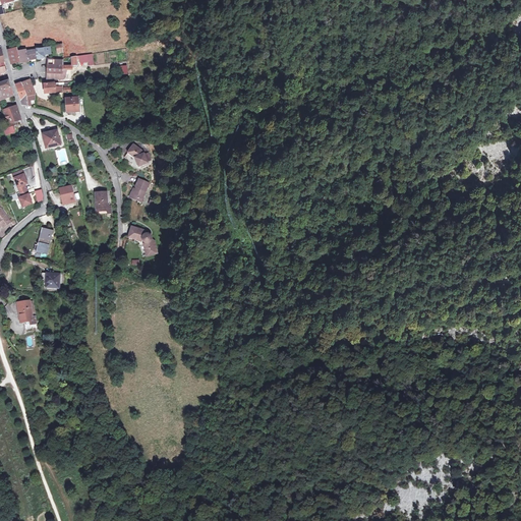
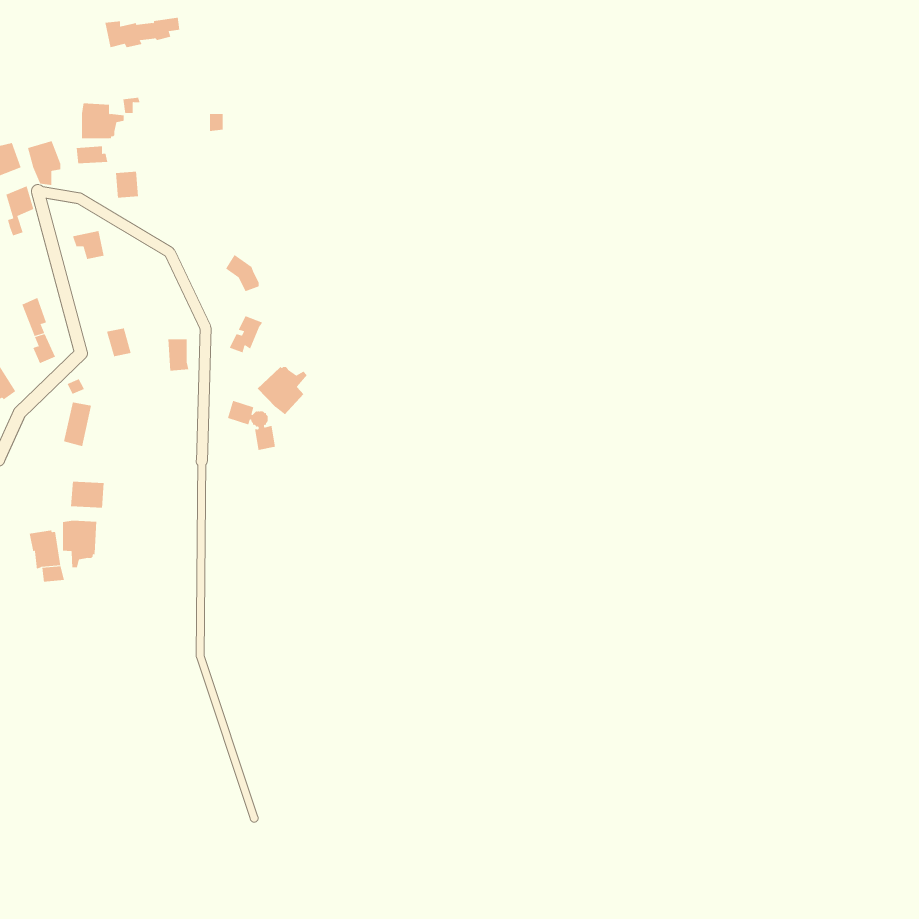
building: [7,46,50,63] -> [105,17,180,48]
building: none -> [257,366,307,415]
building: none -> [62,520,97,568]

